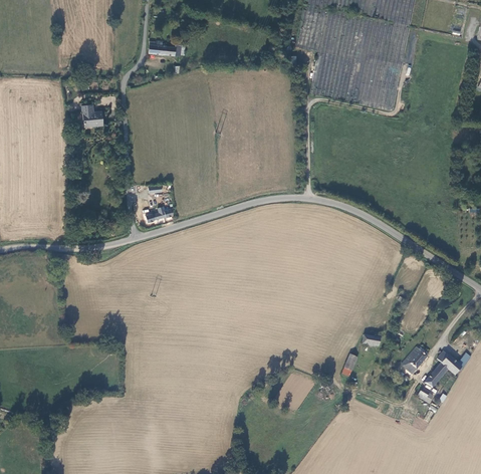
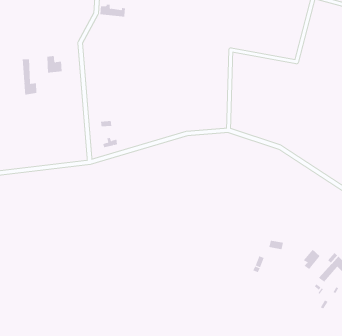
building: none -> [22,59,37,95]

